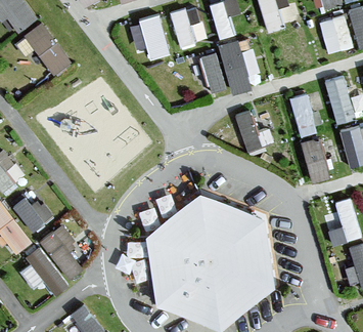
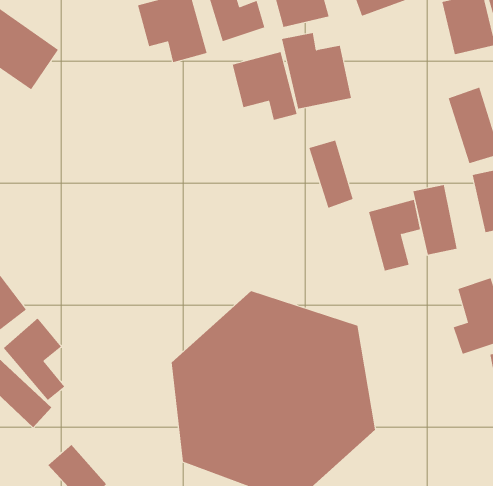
building: [289,89,323,135] -> [368,199,421,271]

